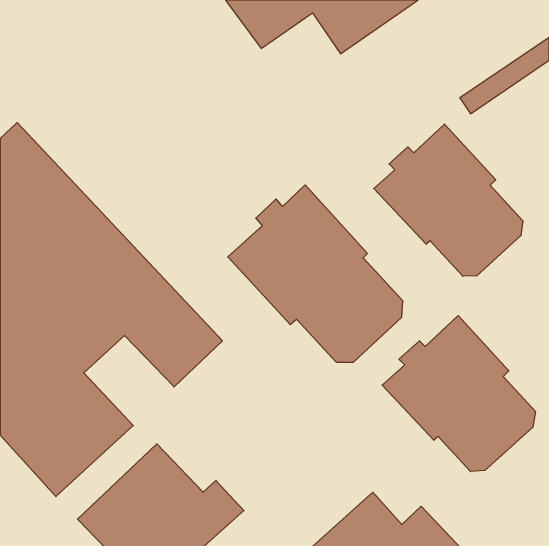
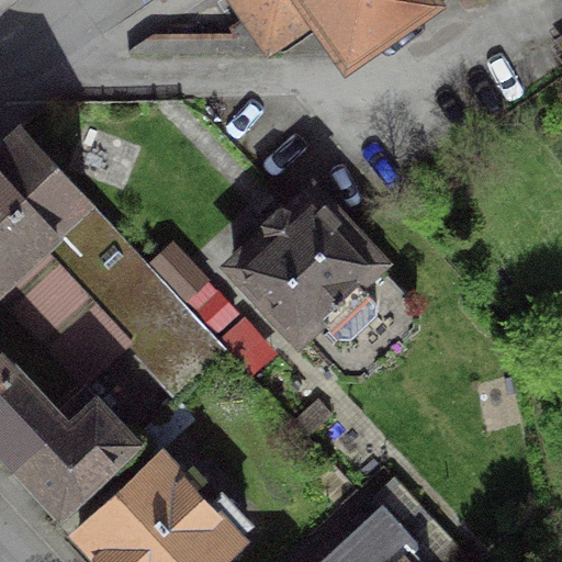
building: [374,124,523,276] -> none
building: [382,316,535,472] -> none

